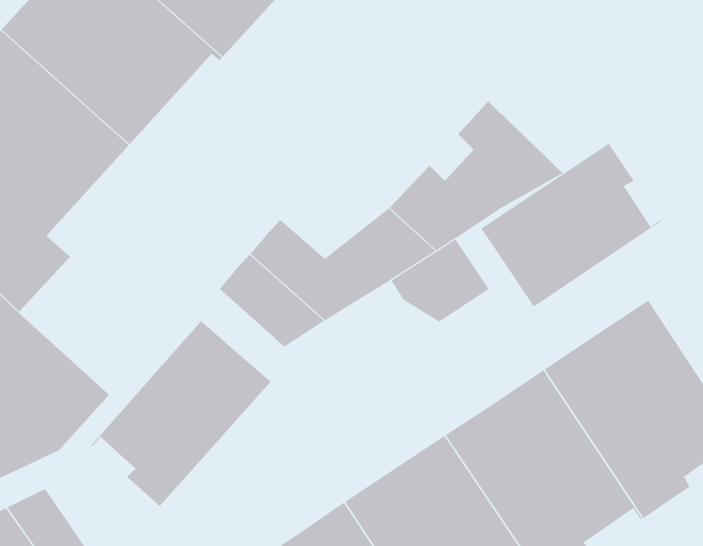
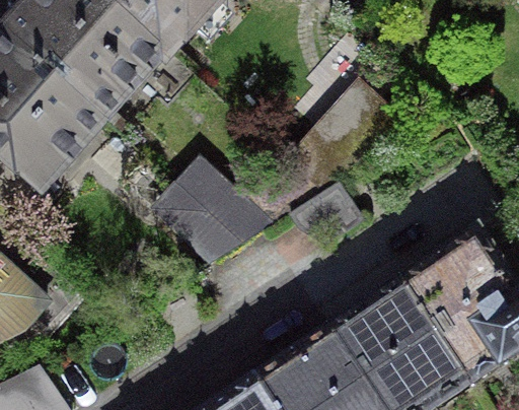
building: [480,143,661,307] -> none
building: [90,320,271,507] -> none

